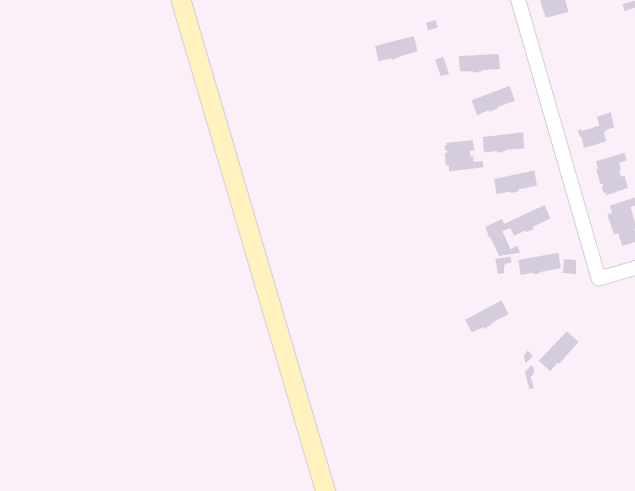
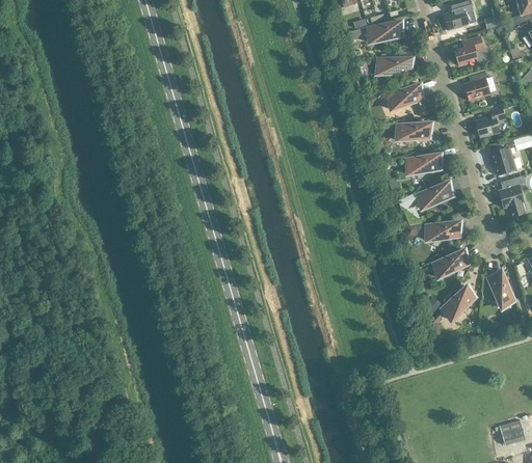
building: none -> [454,35,488,64]
building: [374,35,418,62] -> [367,20,403,42]
building: none -> [463,71,489,100]
building: [443,140,485,172] -> none
building: [464,299,510,333] -> [432,248,470,276]
building: none -> [488,270,513,307]

